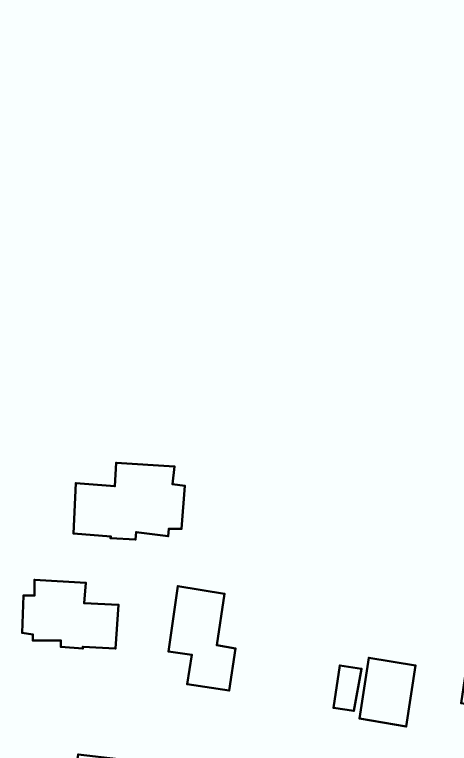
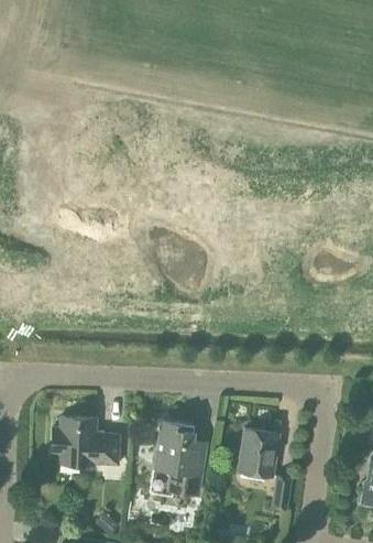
building: [73,463,185,539] -> none
building: [359,658,415,726] -> [239,428,278,477]

